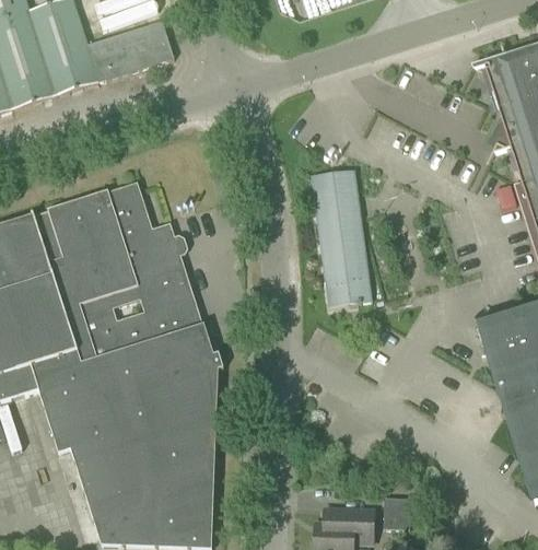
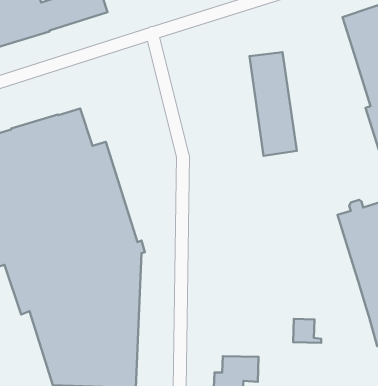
building: [311,168,373,305] -> [249,52,297,156]
building: [383,493,420,525] -> [293,319,321,343]

